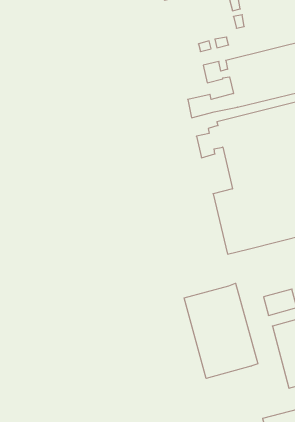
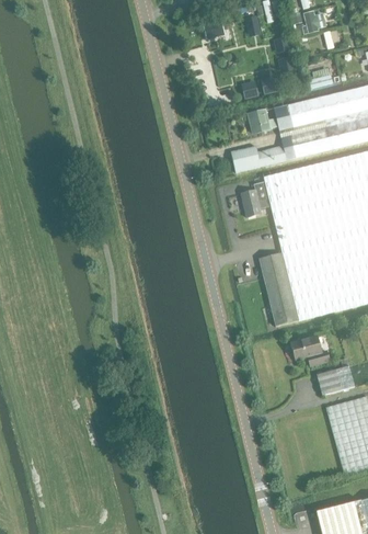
building: none -> [290,336,330,365]
building: [184,283,258,378] -> none

